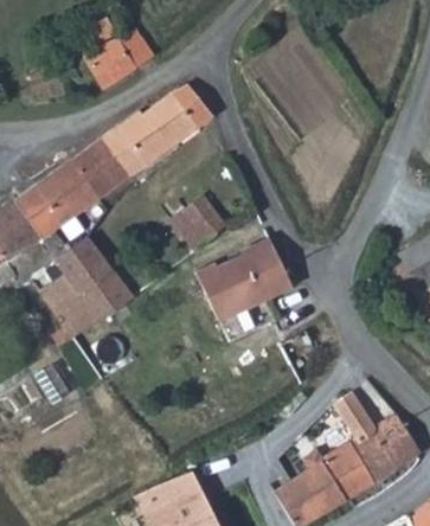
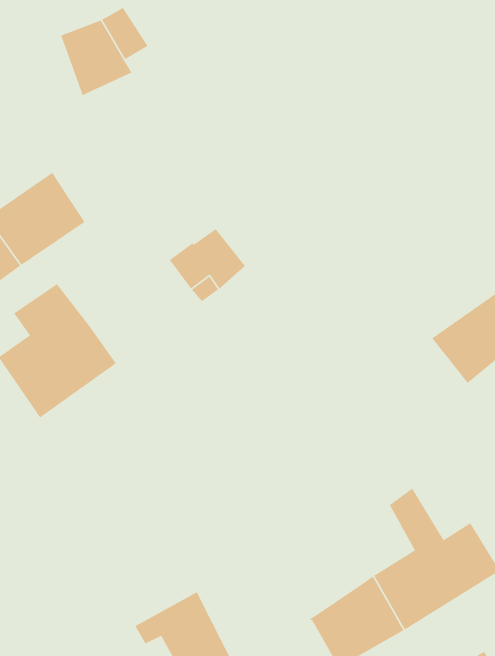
building: [83,85,214,191] -> none
building: [195,237,290,321] -> none

